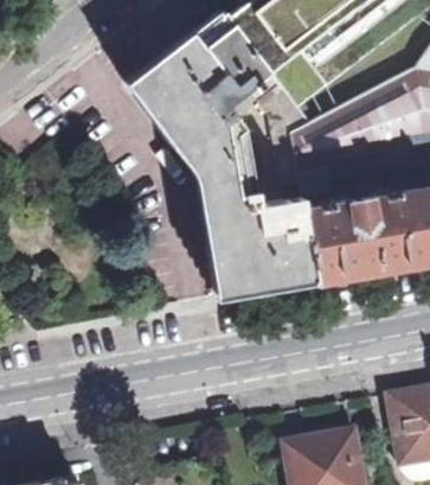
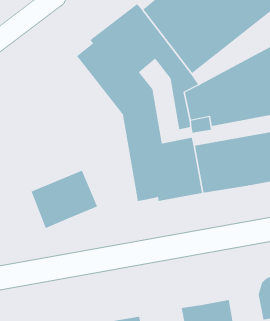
building: none -> [31,170,98,229]

